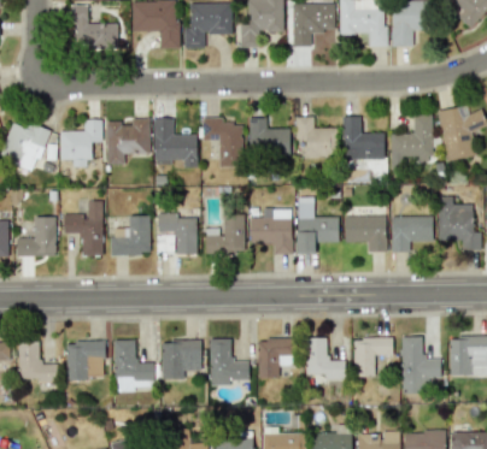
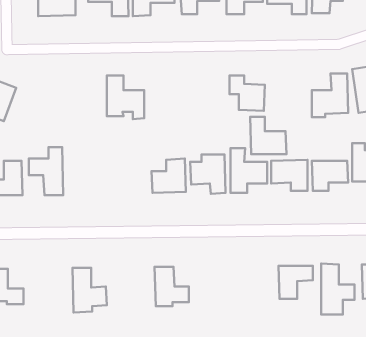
building: [344,117,386,160] -> [250,117,287,154]
building: [203,118,243,169] -> none
building: [250,118,292,156] -> none
building: [60,119,102,167] -> none
building: [107,119,151,165] -> none
building: [157,214,198,255] -> none
building: [112,215,151,255] -> none
building: [306,338,346,380] -> none
building: [258,339,294,378] -> none
building: [162,341,203,379] -> none
building: [66,342,105,382] -> none

